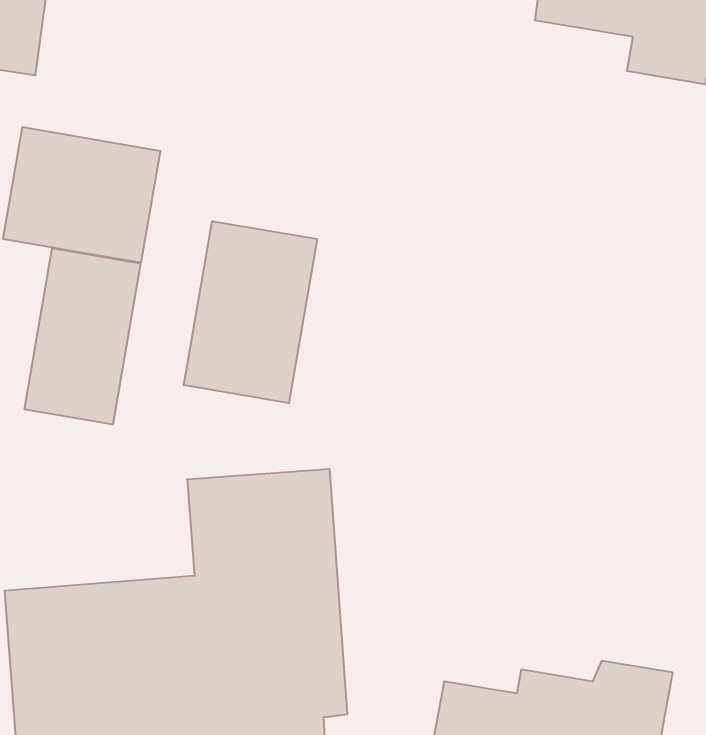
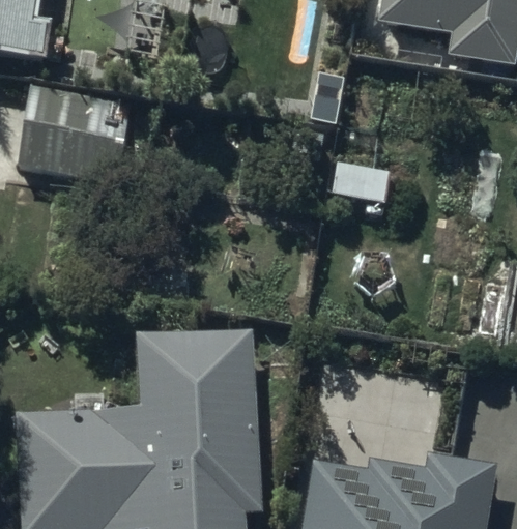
building: [184,221,317,403] -> none
building: [24,248,140,424] -> none

